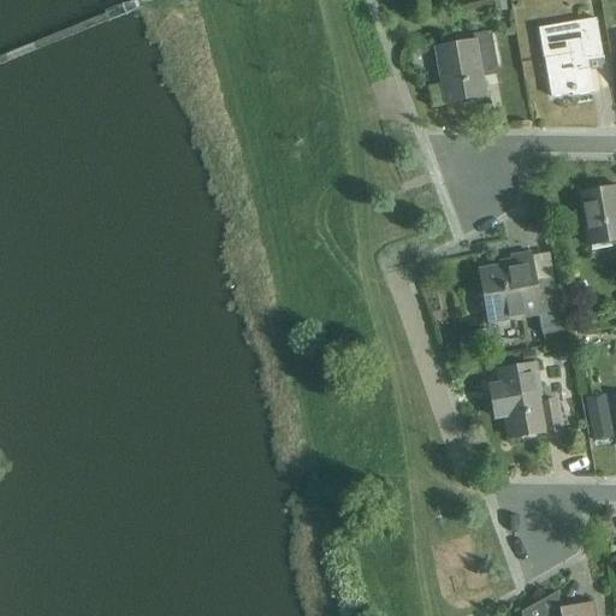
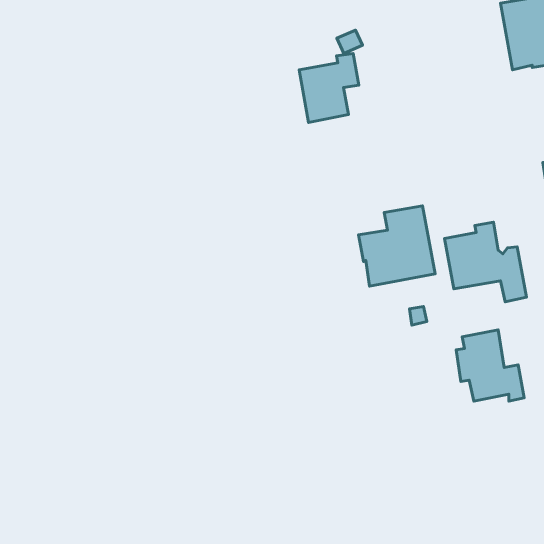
building: [436,30,497,101] -> [299,54,359,123]
building: none -> [359,206,435,286]

